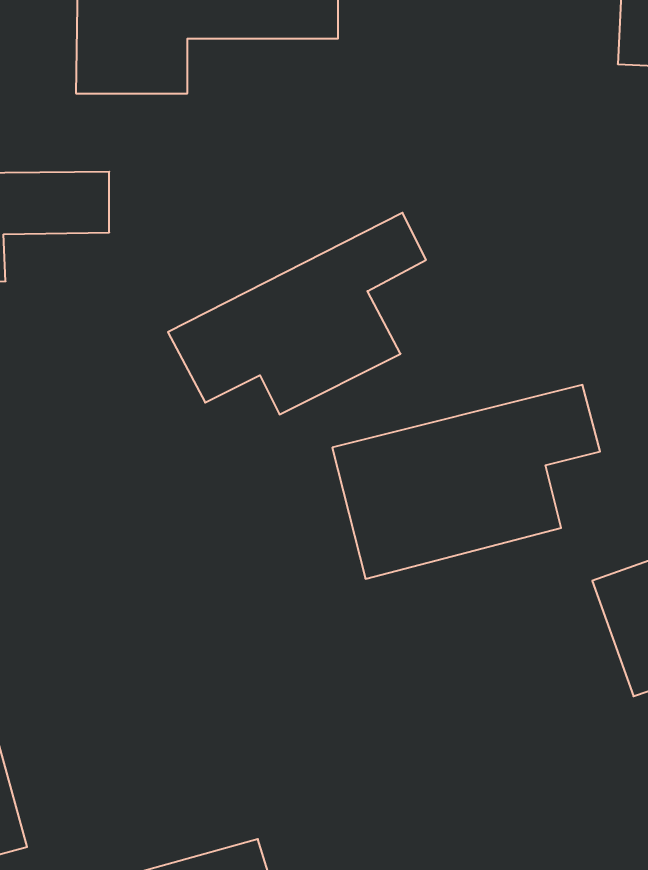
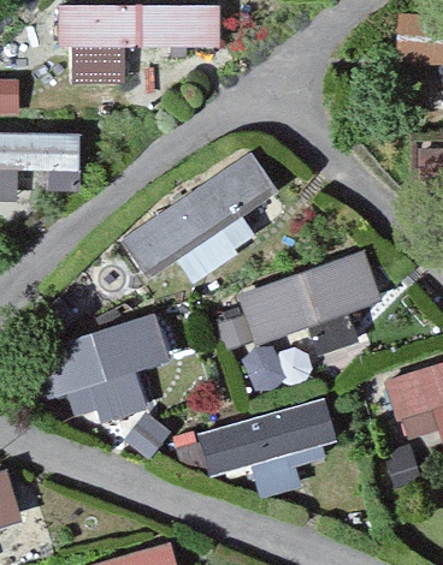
building: none -> [42,313,170,434]
building: none -> [195,393,343,487]

